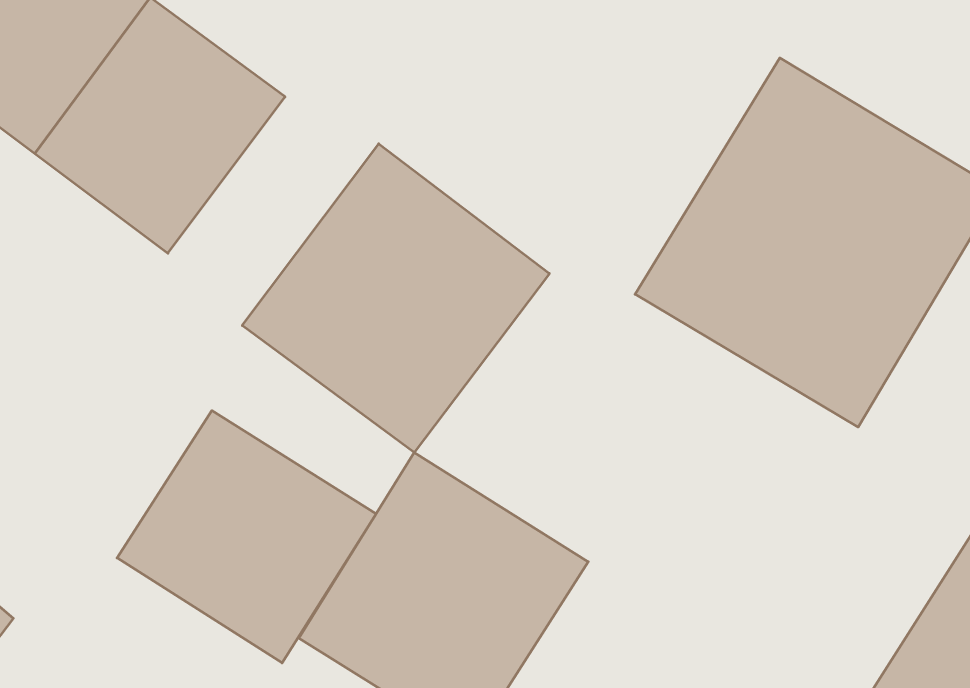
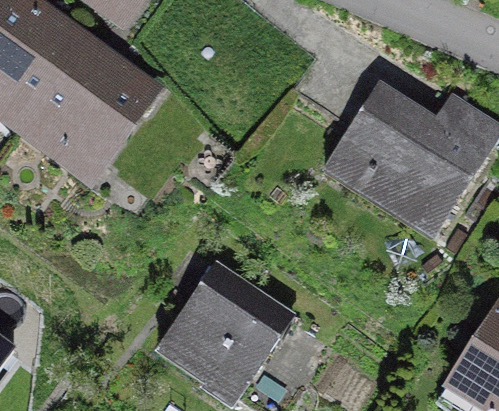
building: [242,144,549,452] -> none
building: [117,411,376,663] -> none

